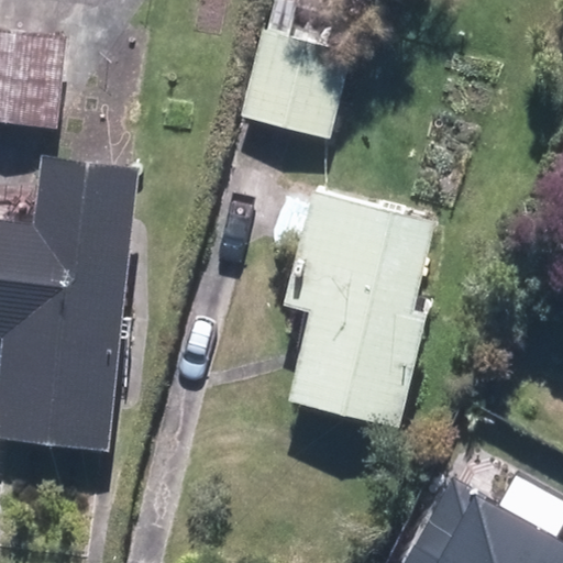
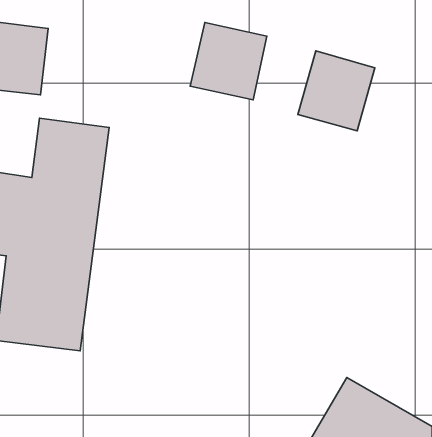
building: none -> [298,51,375,131]
building: [286,190,431,428] -> none

